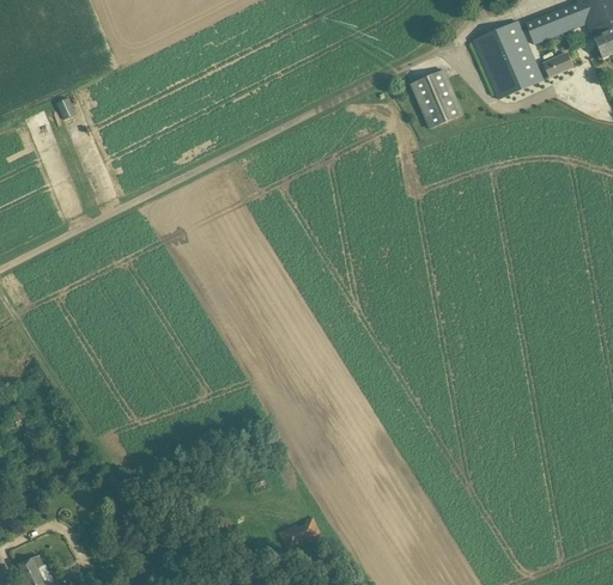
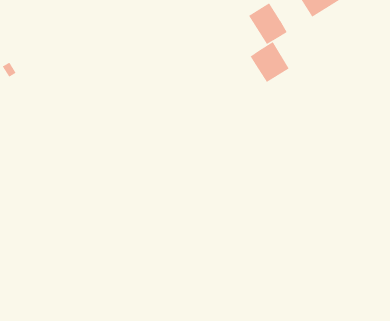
building: none -> [250,41,290,83]

